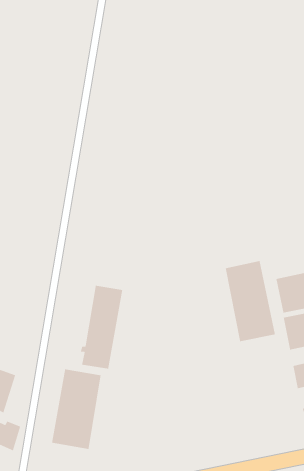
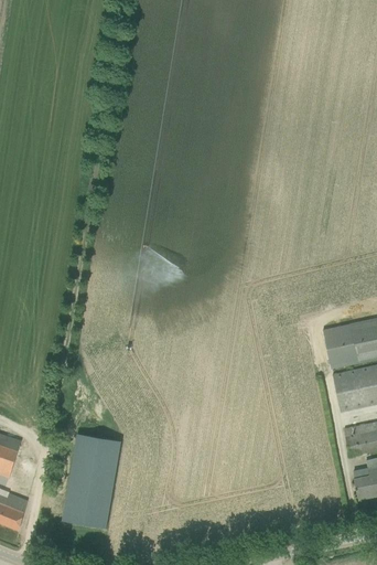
building: [225,260,276,342] -> none
building: [80,285,123,370] -> none

